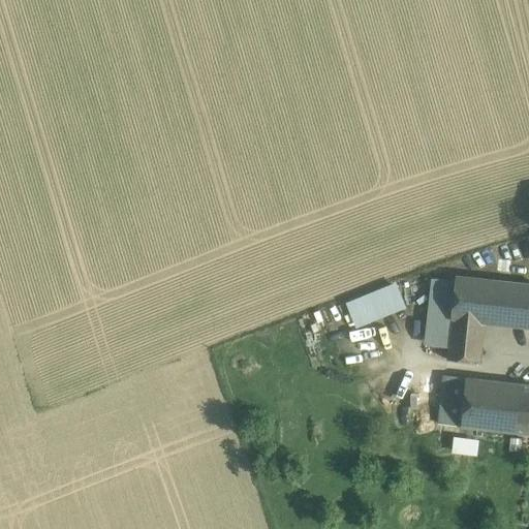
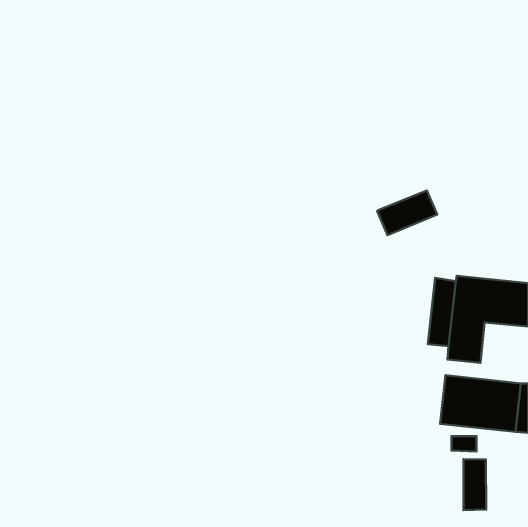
building: [346,282,406,326] -> [377,191,437,235]
building: none -> [463,459,486,510]

